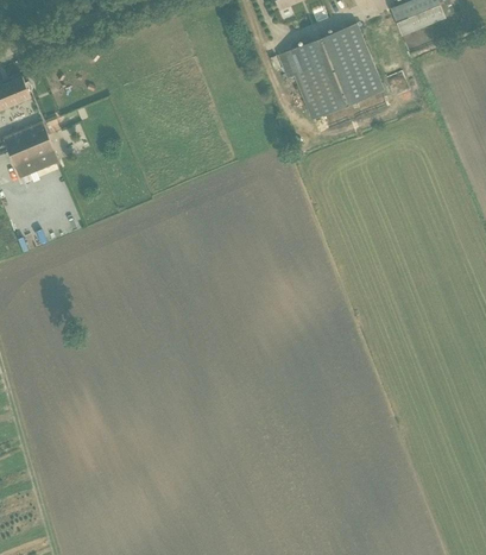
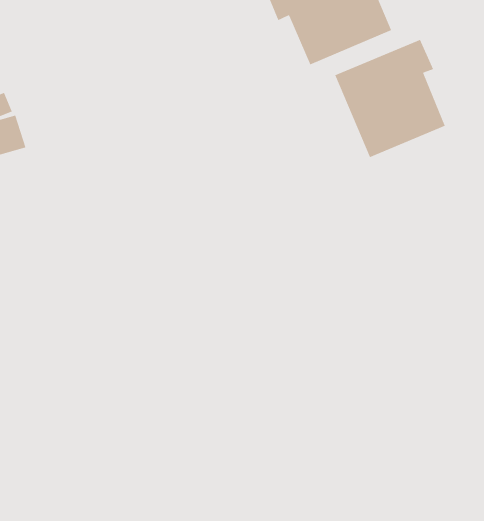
building: none -> [334,39,446,158]

